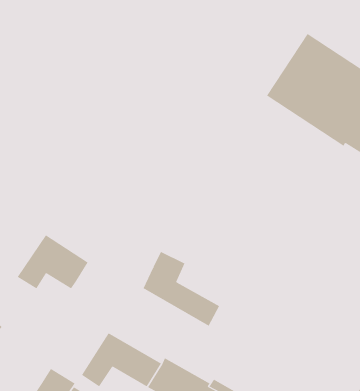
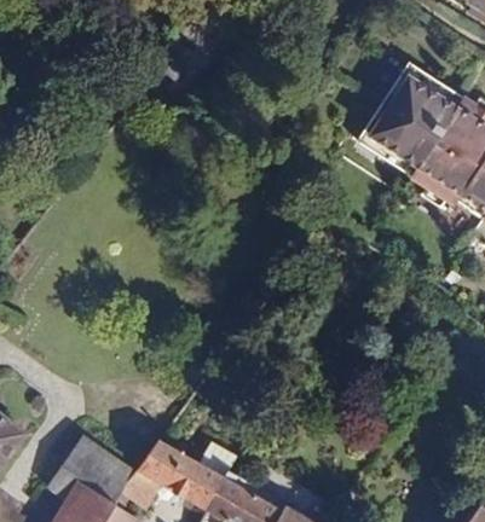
building: [17,235,89,289] -> [48,435,139,504]
building: [143,251,220,326] -> none

